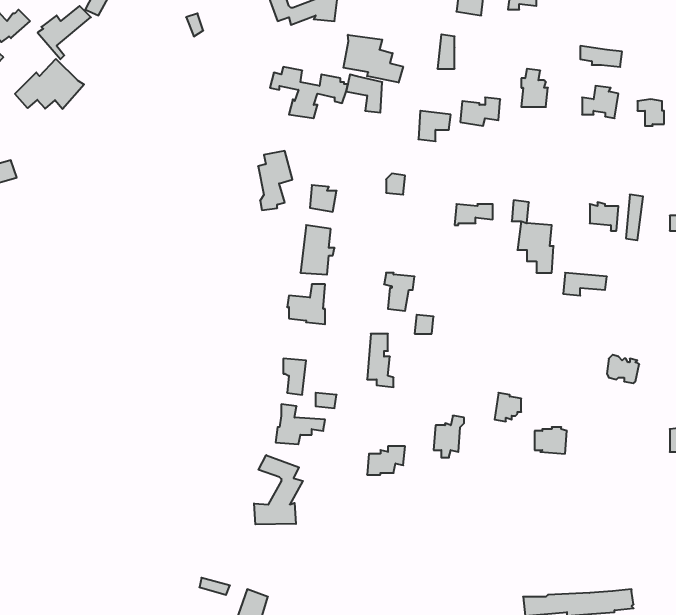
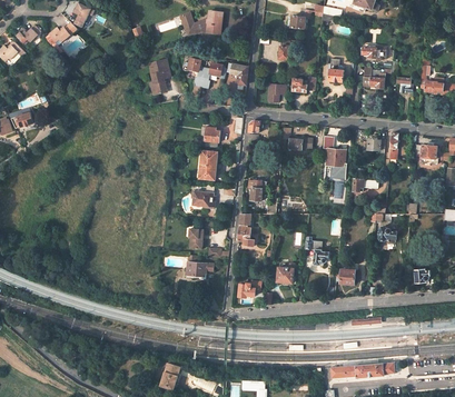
building: [343,35,403,83] -> none
building: [15,59,84,109] -> none
building: [258,151,292,210] -> [148,60,168,95]
building: [254,455,303,524] -> none

